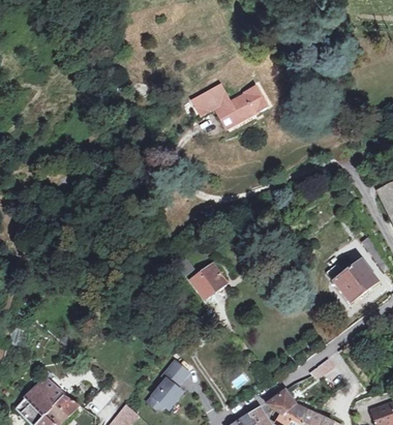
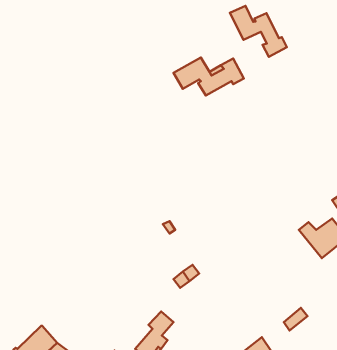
building: none -> [230,6,287,57]
building: [190,266,226,300] -> none

